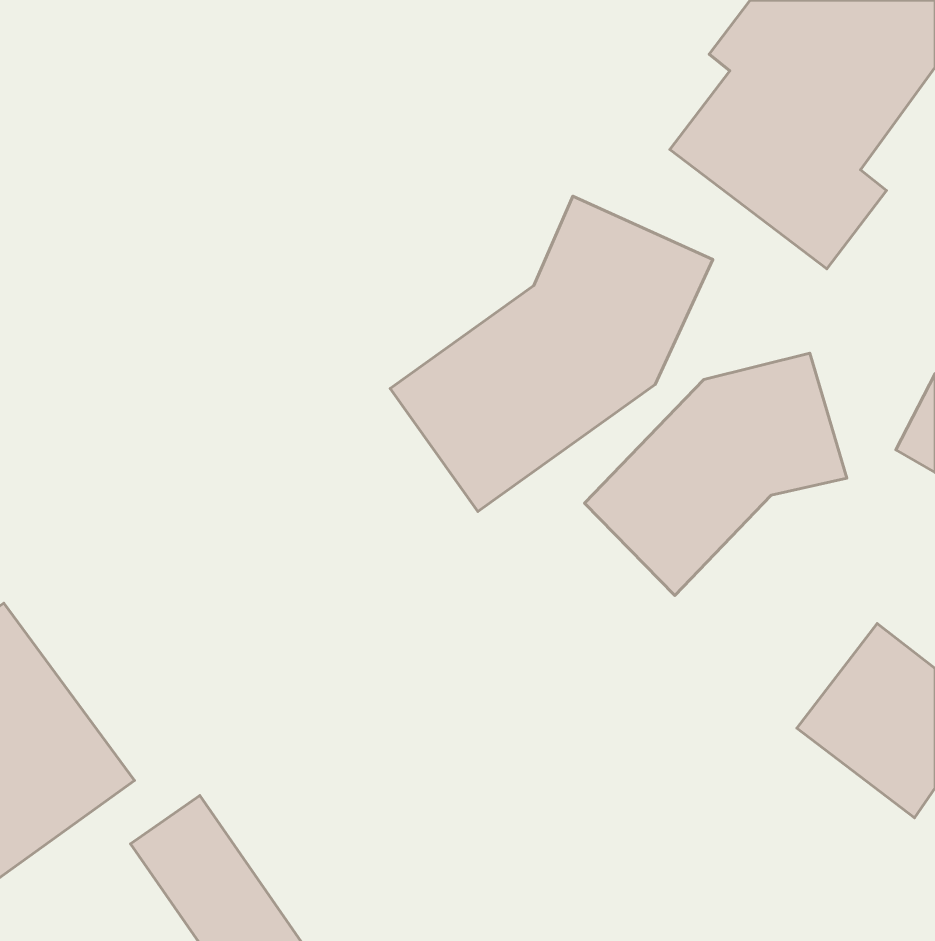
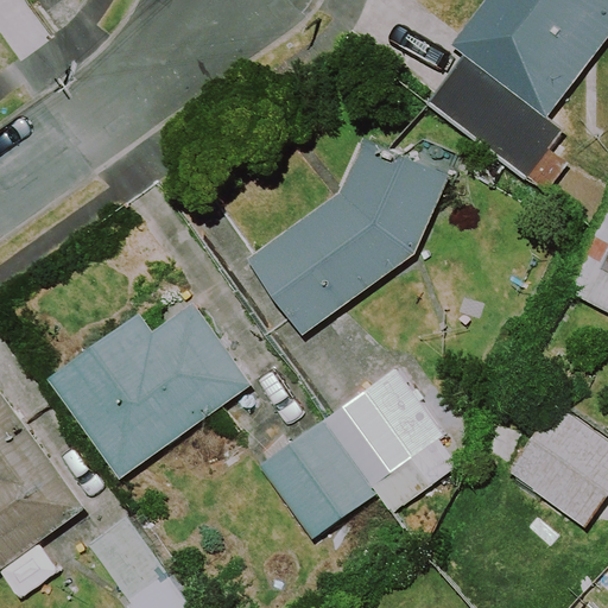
building: [584,353,847,596] -> none
building: none -> [49,300,254,477]
building: none -> [259,370,456,539]

